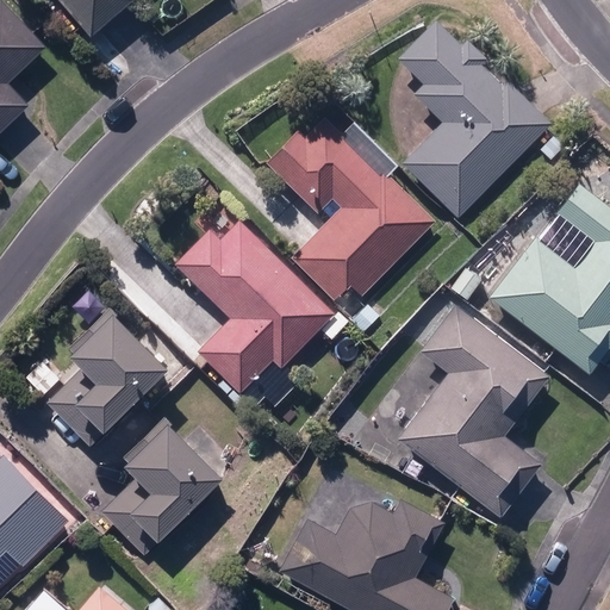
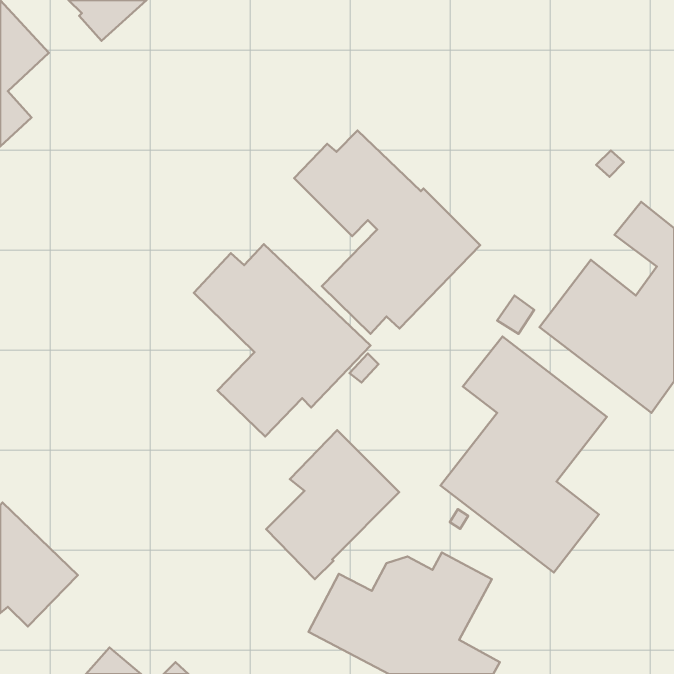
building: [398,20,550,218] -> none
building: [46,311,167,447] -> none
building: [101,421,222,555] -> [266,430,399,579]

